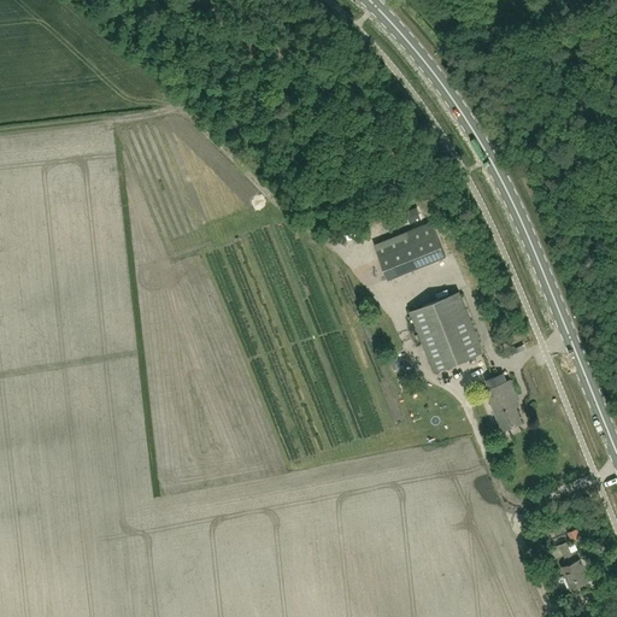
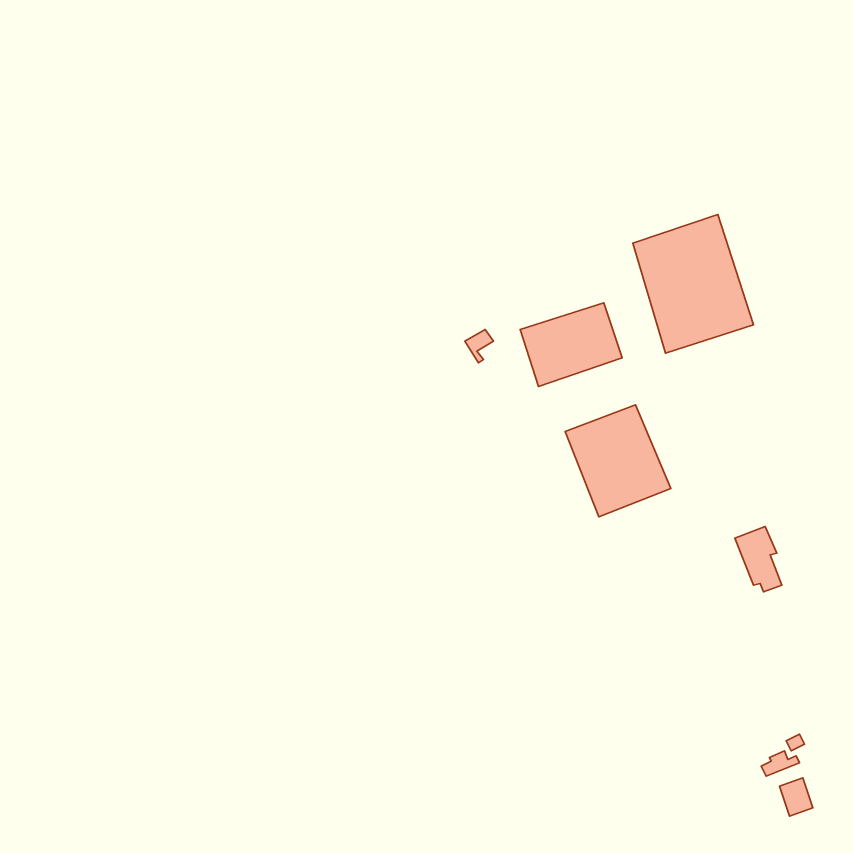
building: none -> [633,215,754,353]
building: [486,382,519,429] -> [735,527,782,592]

